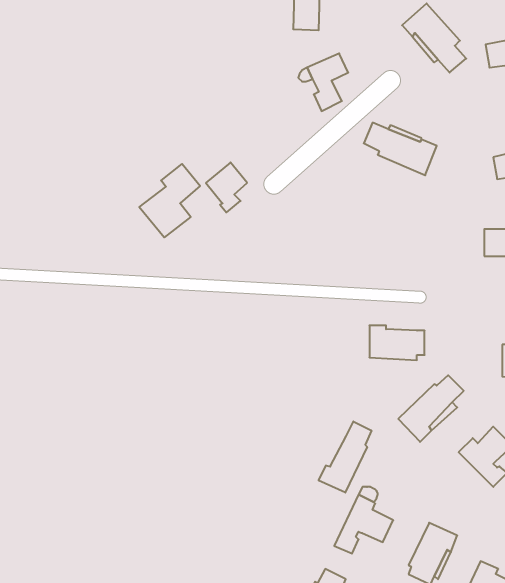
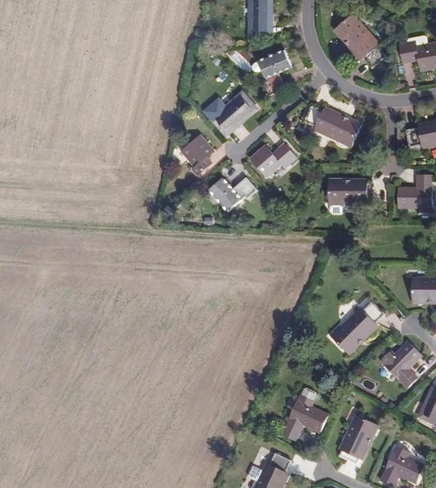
building: none -> [205,91,255,132]
building: [139,164,200,237] -> none
building: none -> [249,143,296,178]
building: none -> [209,177,257,212]
building: [369,325,425,360] -> [329,179,372,206]
building: [319,421,371,493] -> none

